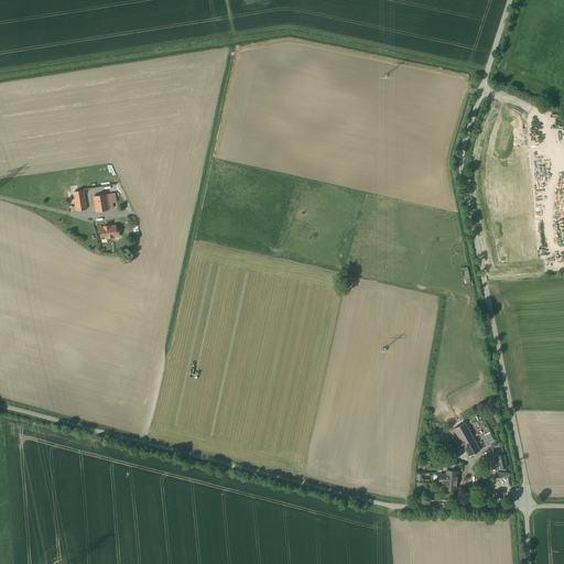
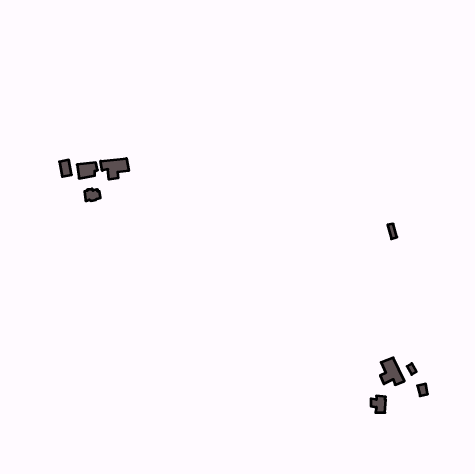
building: none -> [101,158,129,179]

